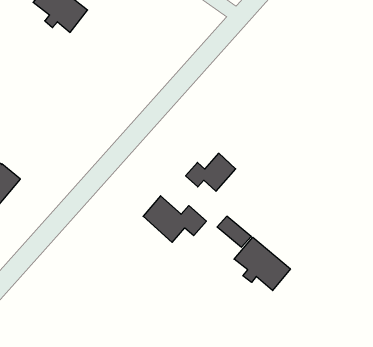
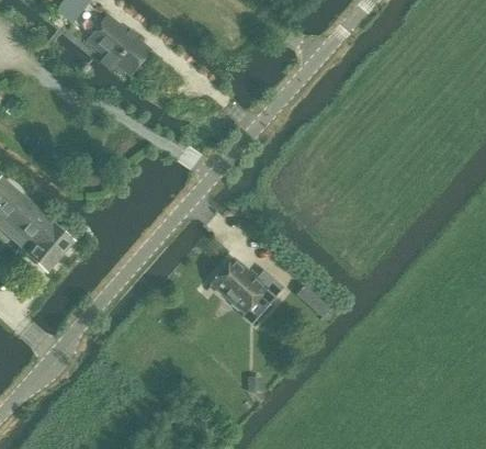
building: [186,153,236,191] -> none
building: [234,237,290,291] -> none

